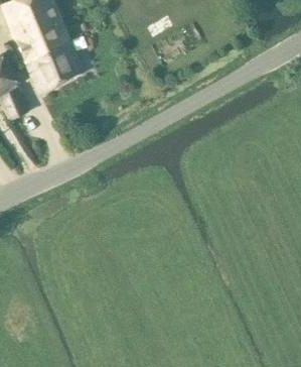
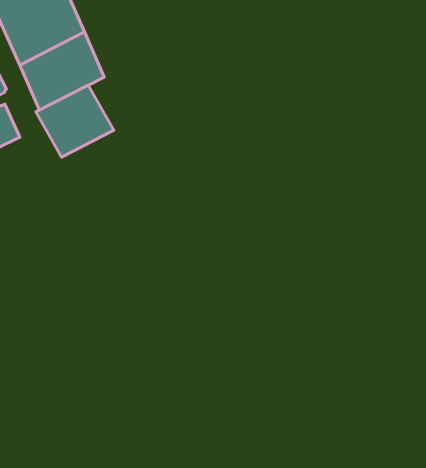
building: none -> [36,85,114,157]

